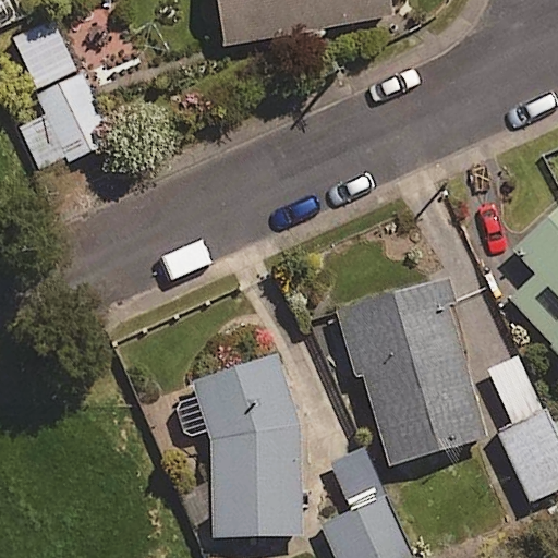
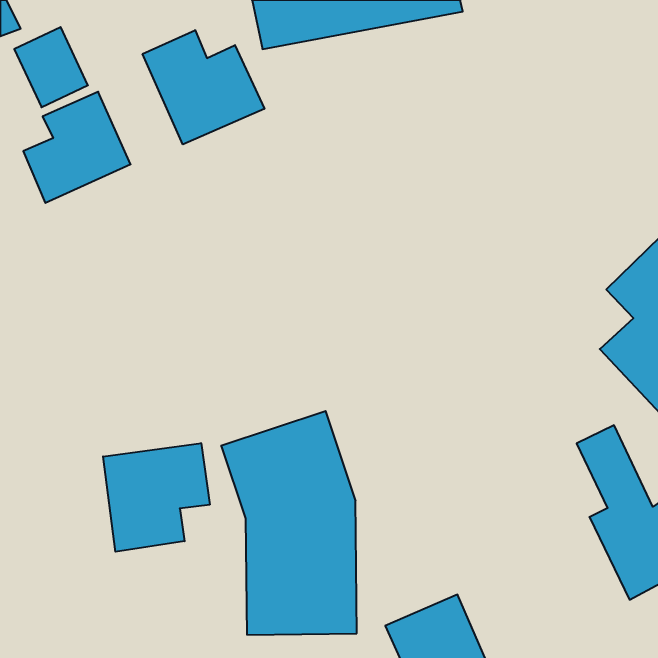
building: none -> [143,30,264,144]
building: [336,275,488,462] -> none
building: none -> [103,443,210,552]

